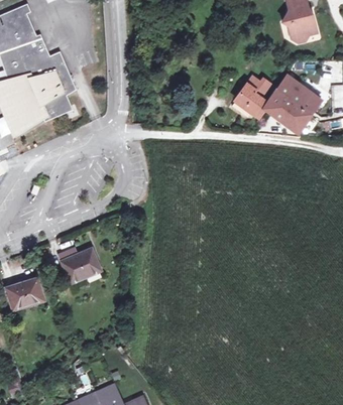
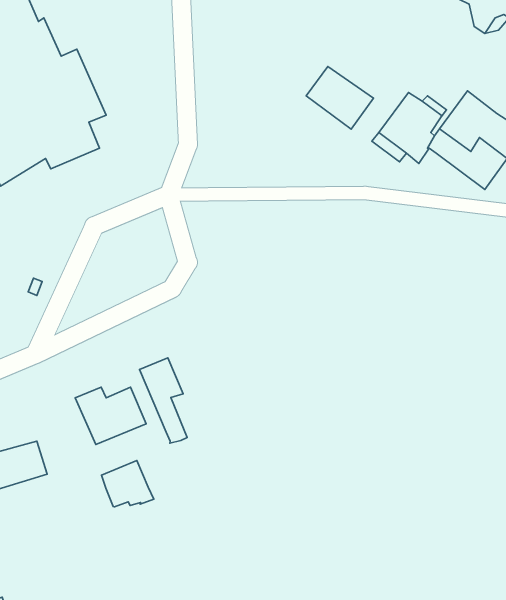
building: none -> [306,67,374,129]
building: none -> [140,358,187,443]
building: none -> [101,460,154,507]

